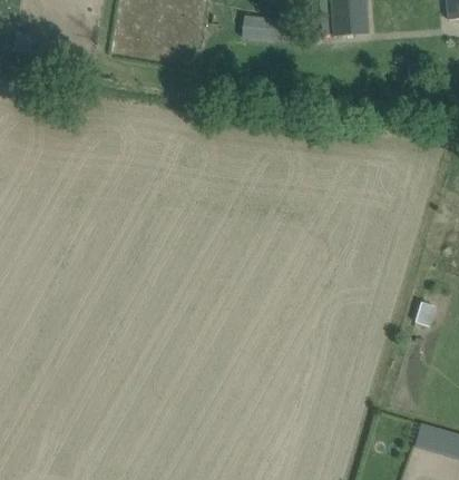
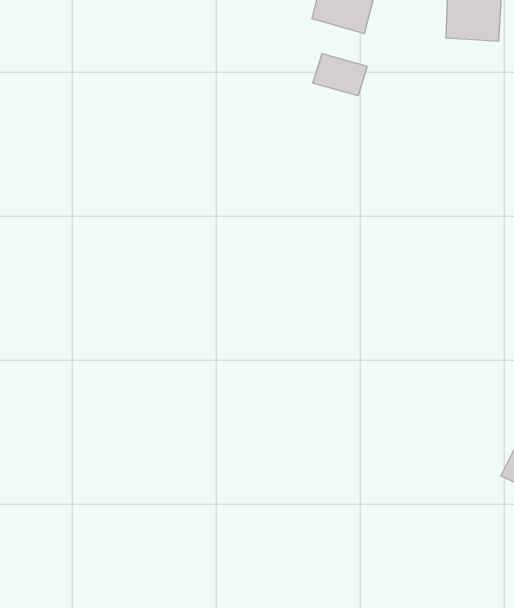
building: none -> [313,53,367,96]

